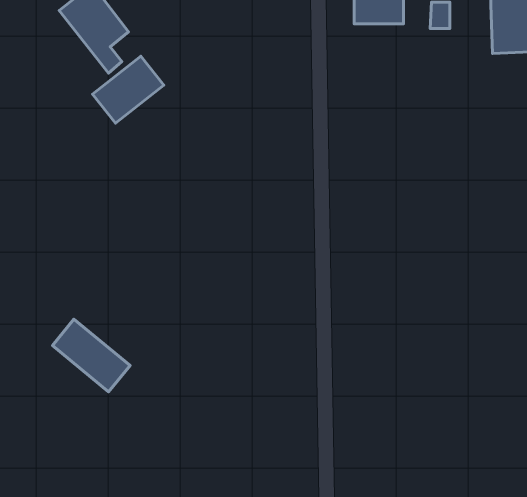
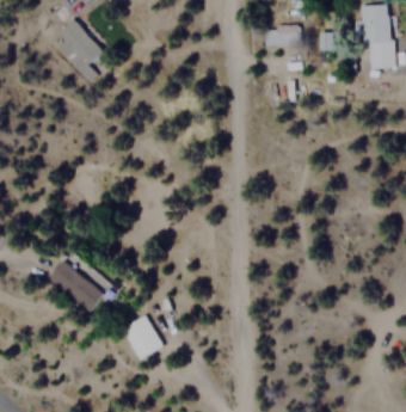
building: [93,56,164,123] -> none
building: none -> [122,315,165,361]

